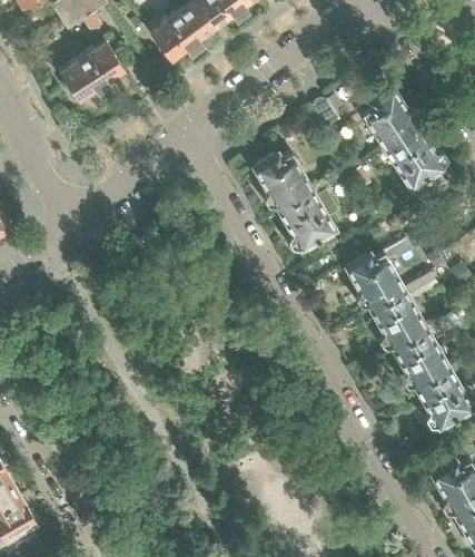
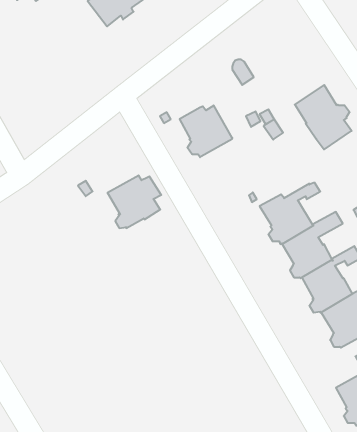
building: [59,41,126,102] -> none
building: [357,87,420,150] -> none
building: [278,189,339,250] -> [107,175,161,228]

